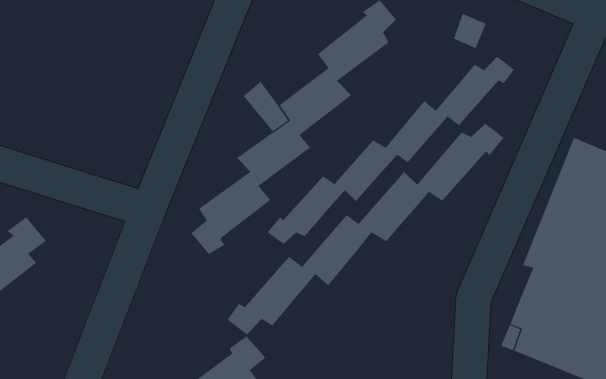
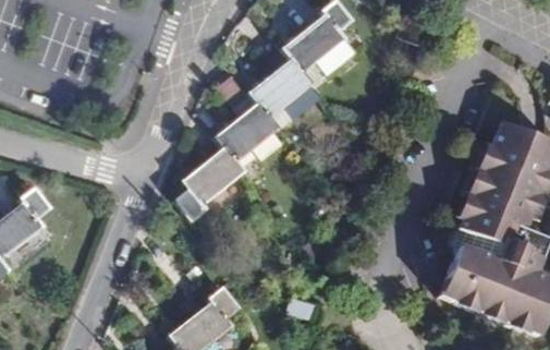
building: [267,56,515,245] -> none
building: [227,123,505,336] -> none

